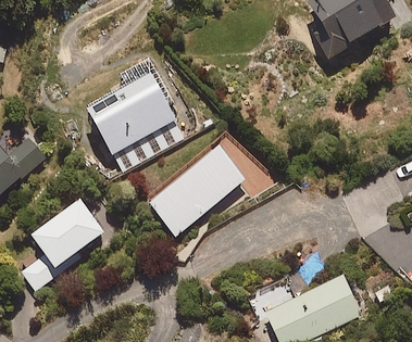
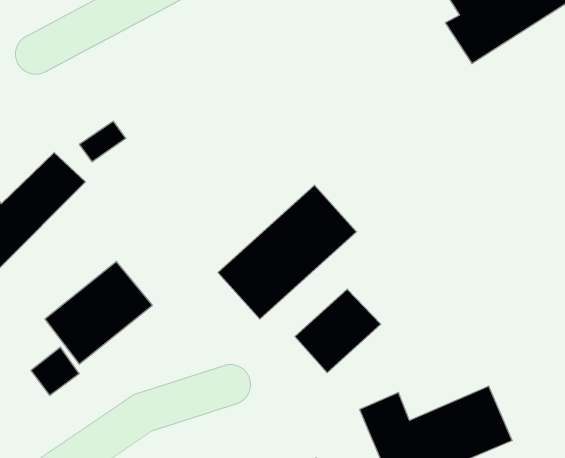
building: [88,73,185,169] -> none
building: none -> [295,289,381,373]

